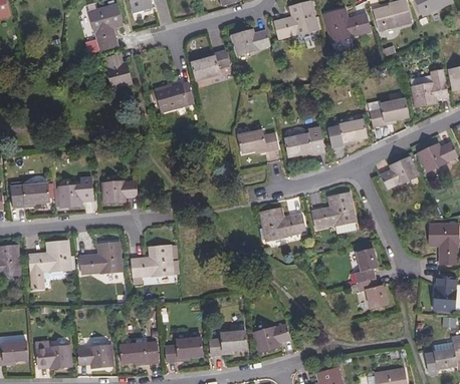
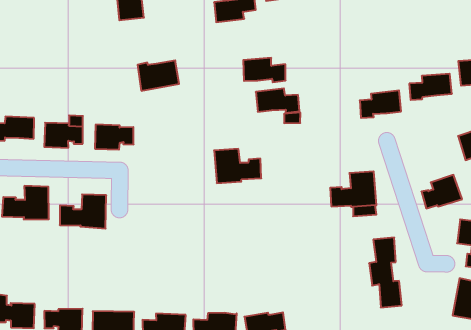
building: [155,81,193,111] -> [138,60,179,91]
building: [284,132,323,155] -> [243,58,286,82]
building: [381,155,417,187] -> [421,175,462,208]
building: [259,208,303,240] -> [214,149,261,183]
building: [132,245,173,276] -> none

